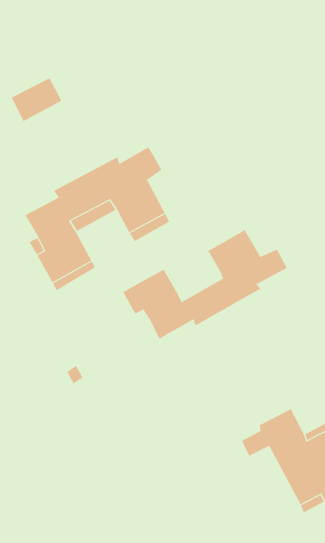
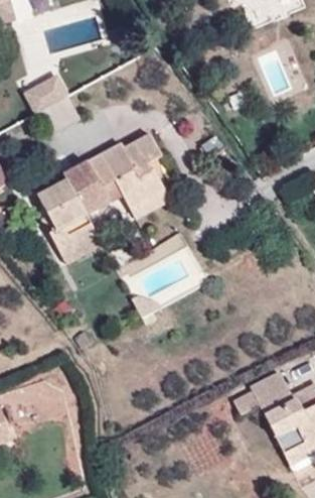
building: [123,230,287,340] -> none

